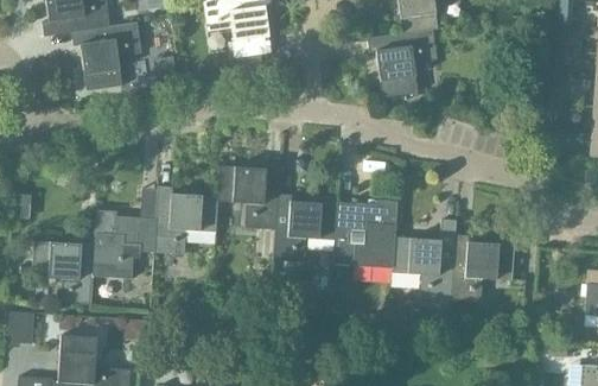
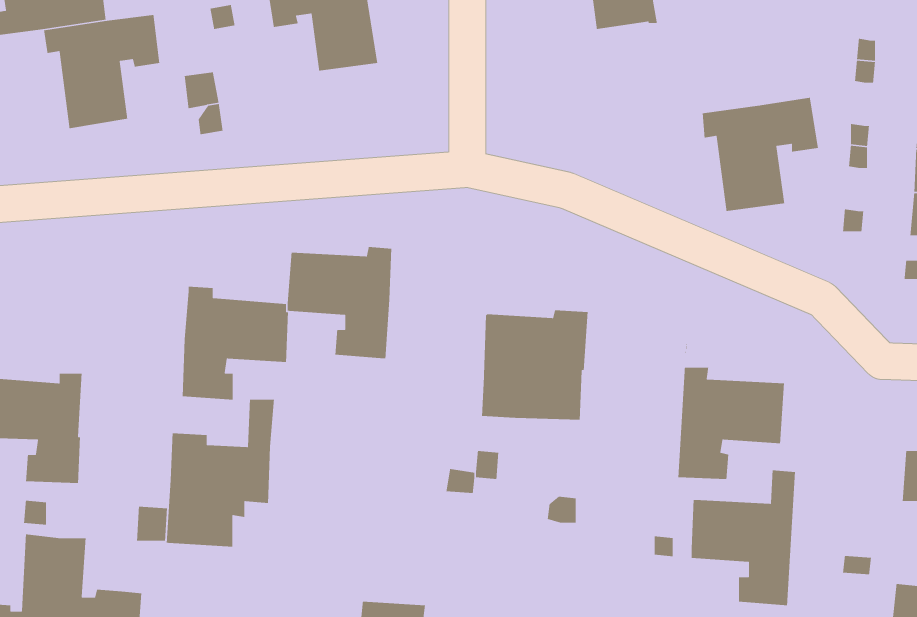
building: [368,27,438,96] -> [702,97,819,212]
building: [93,189,158,278] -> [166,399,275,548]
building: [273,194,336,261] -> none
building: [393,219,456,300] -> [691,469,796,606]

